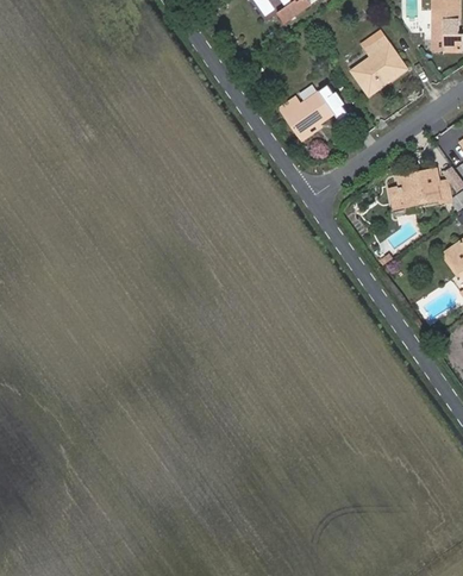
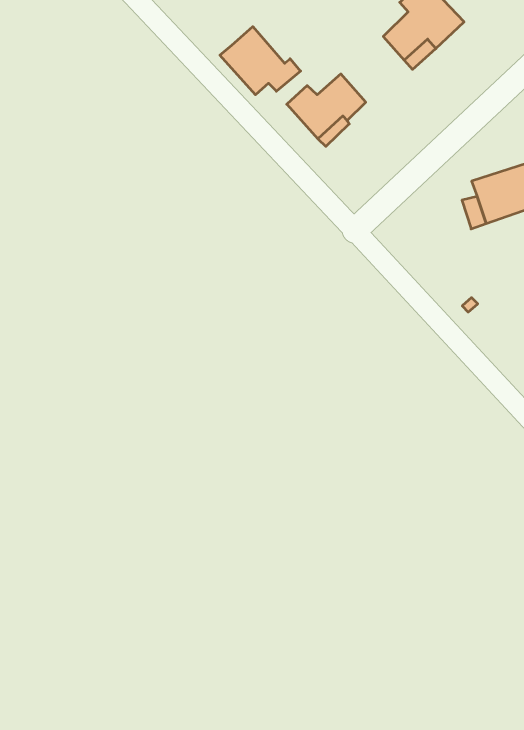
building: none -> [220,27,301,95]

